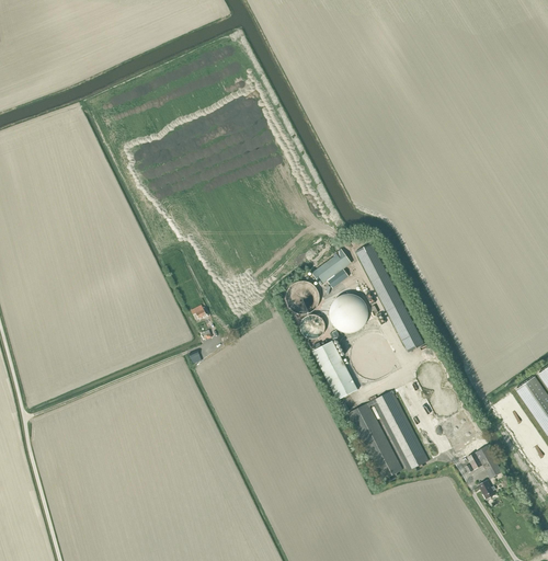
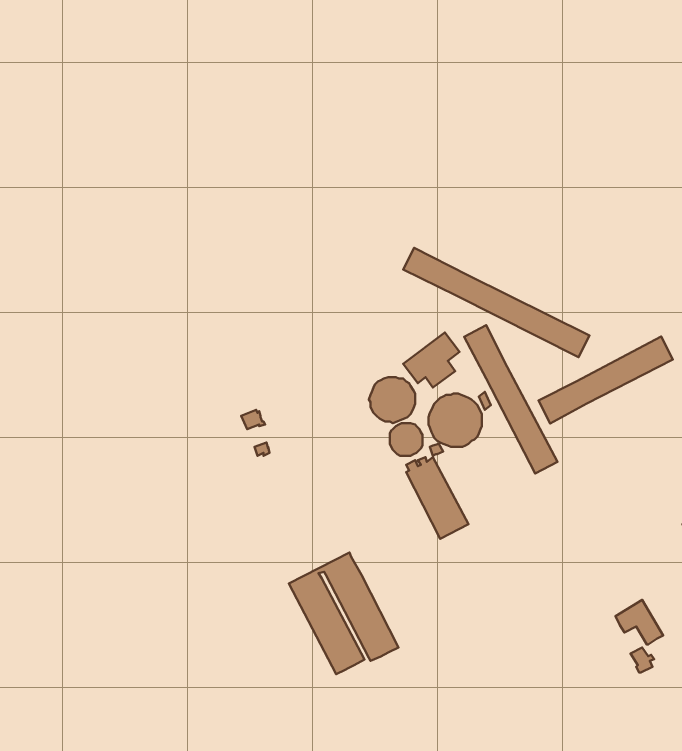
building: none -> [403,248,590,357]
building: none -> [539,337,673,424]
building: [347,390,429,480] -> [289,552,399,674]

